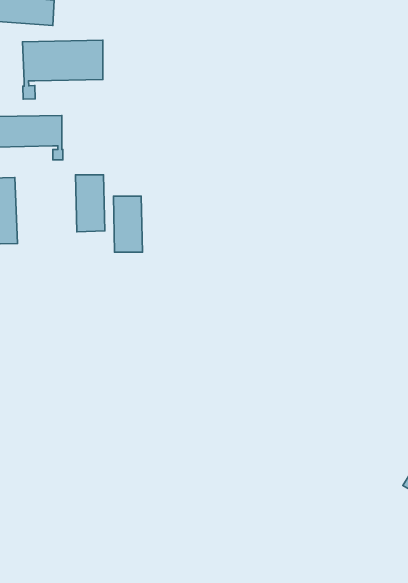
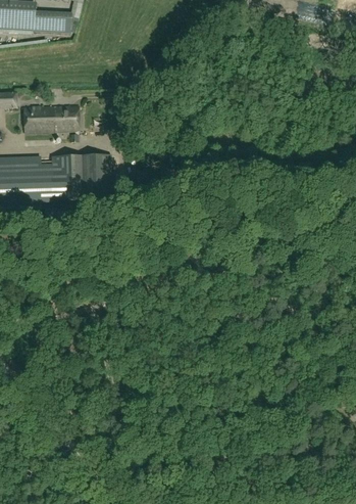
building: [23,40,103,99] -> none
building: [113,196,143,252] -> [49,154,72,199]

